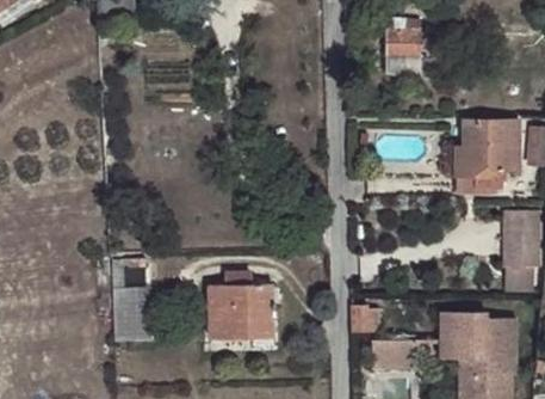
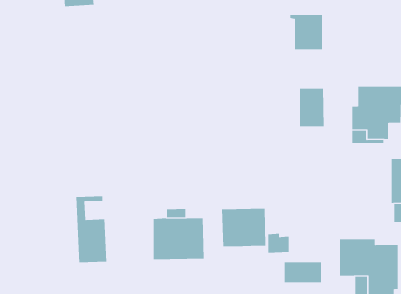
building: none -> [300,88,324,127]
building: none -> [221,208,266,247]

